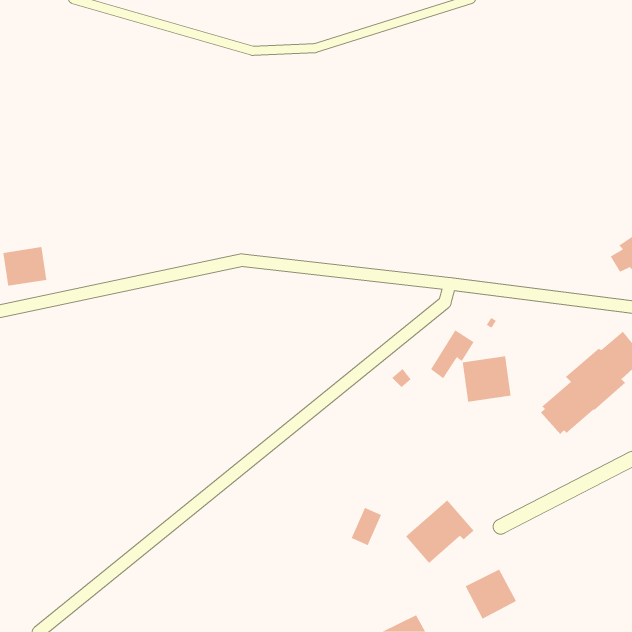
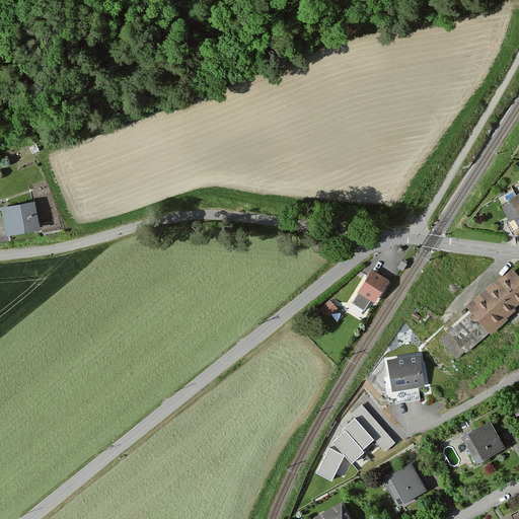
building: [462,356,511,402] -> none
building: none -> [389,355,424,388]
building: [351,507,382,546] -> [319,447,345,478]
building: none -> [465,423,504,461]

